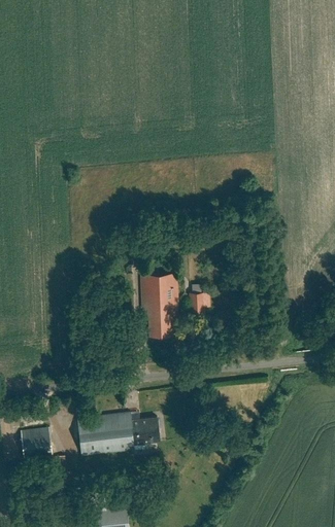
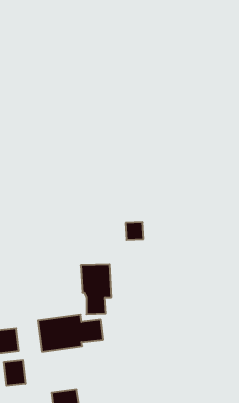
building: [140,272,179,336] -> [81,264,111,314]
building: none -> [4,360,25,386]

